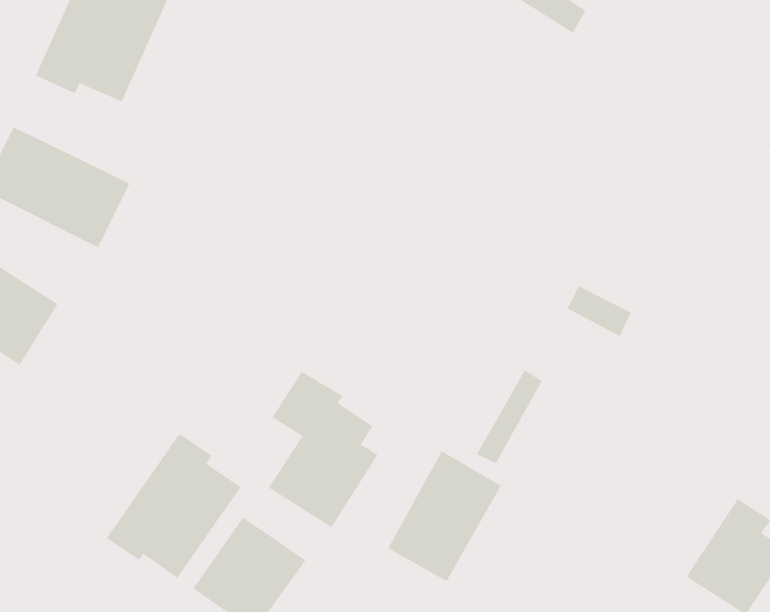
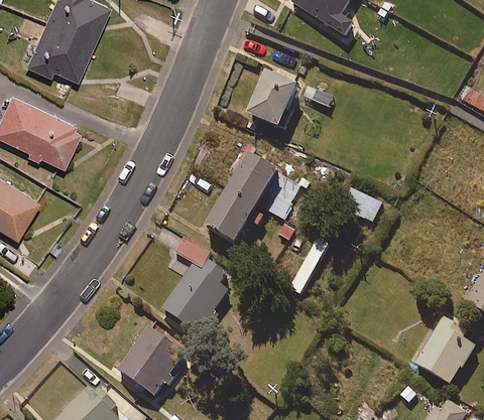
building: none -> [249,72,299,128]
building: none -> [206,154,302,245]
building: [106,433,241,579] -> none
building: [387,450,502,582] -> none

